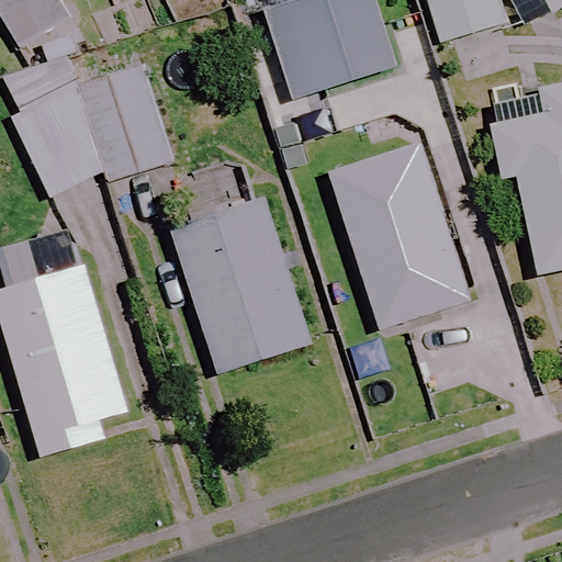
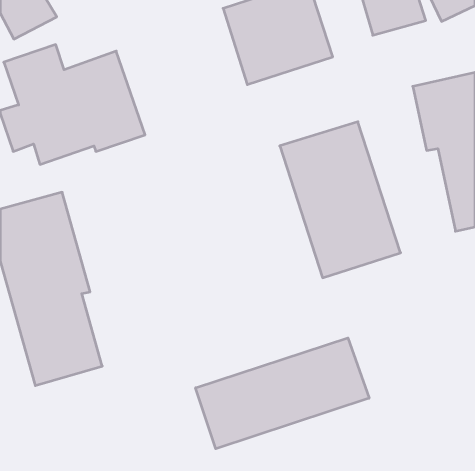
building: [171,200,311,372] -> none
building: none -> [196,338,369,449]

